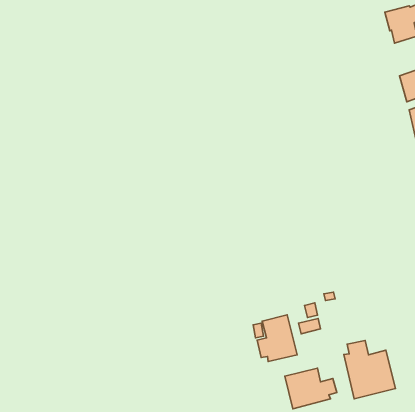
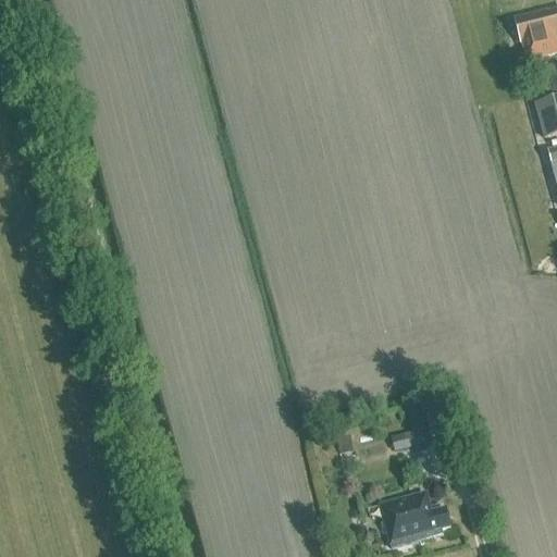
building: [257,315,297,362] -> none
building: [344,340,396,399] -> none

